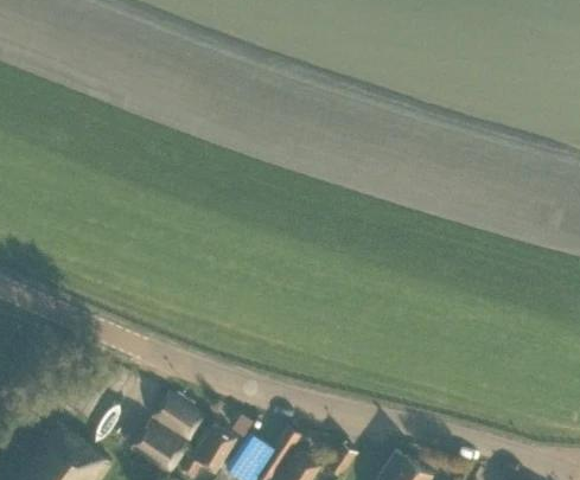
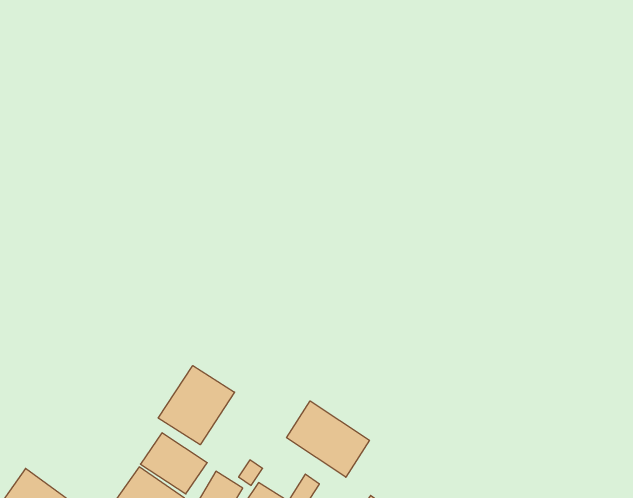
building: none -> [158,366,235,445]
building: none -> [287,401,369,477]

